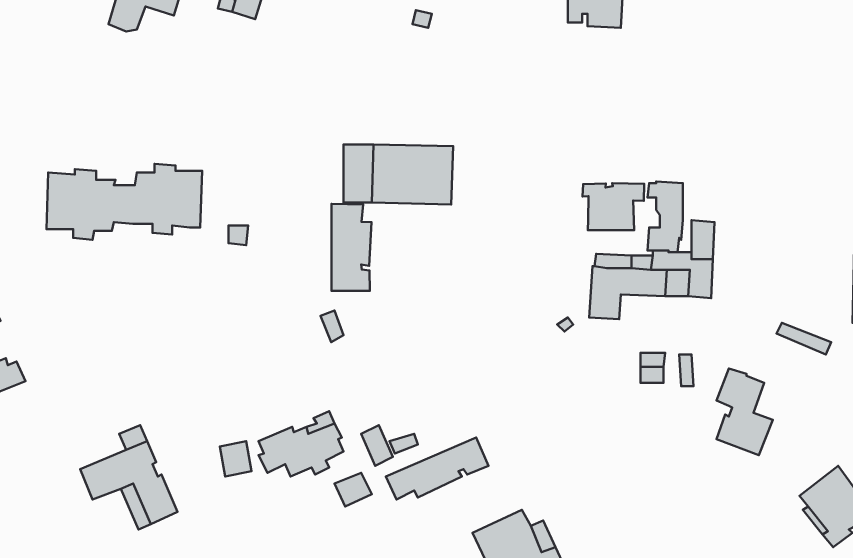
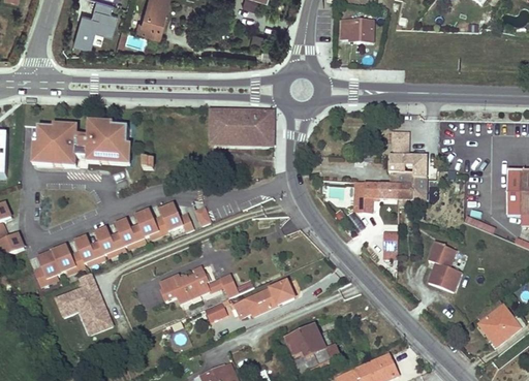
building: [582,183,644,230] -> none
building: [332,204,371,291] -> none
building: none -> [33,205,194,285]

